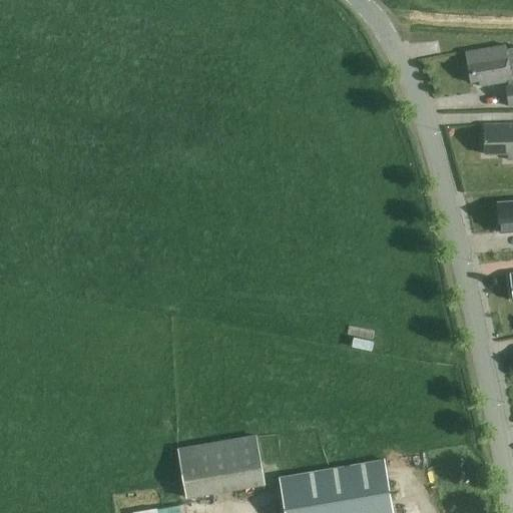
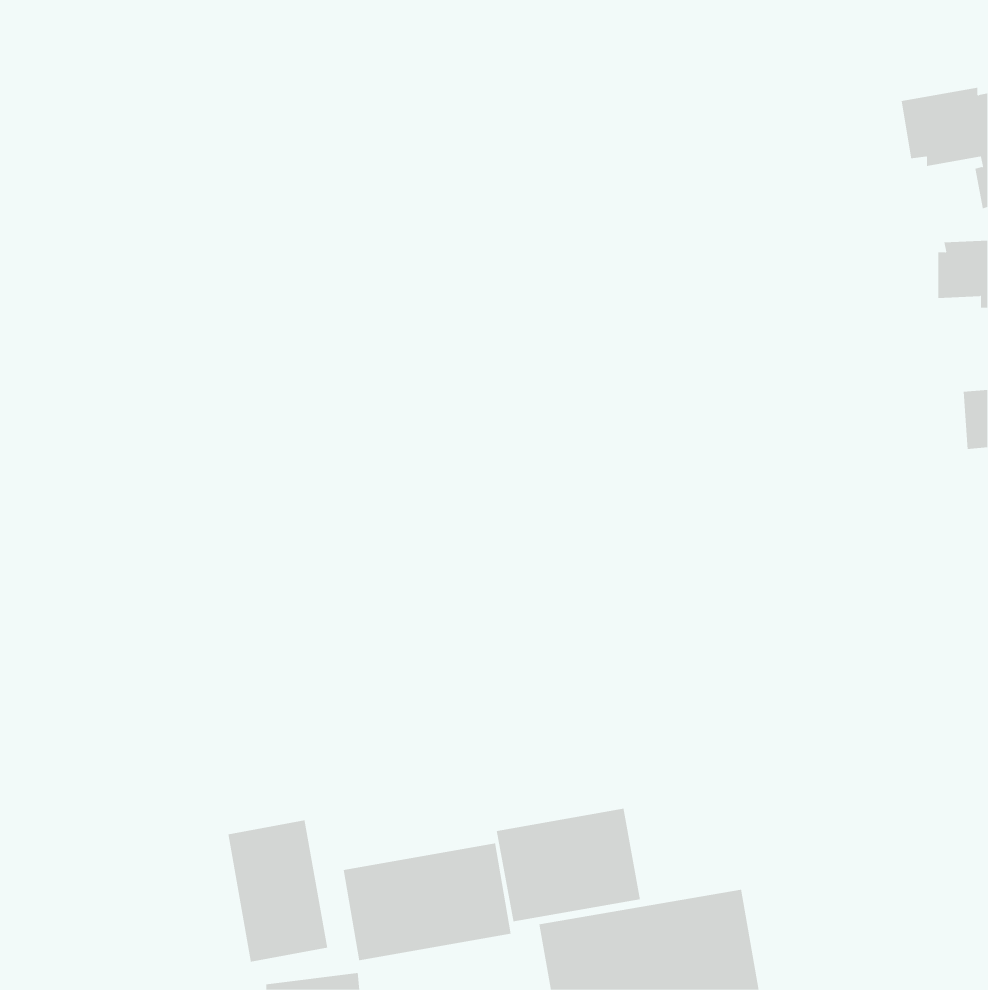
building: none -> [496,808,641,922]
building: none -> [228,819,328,962]

